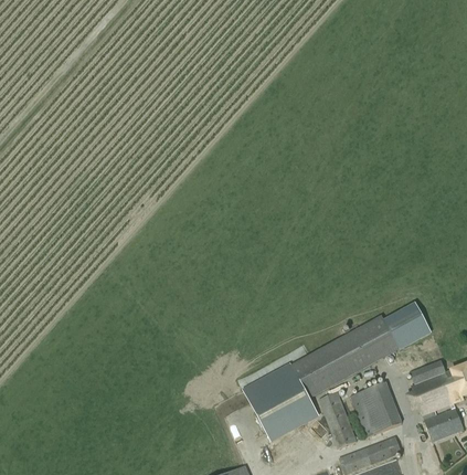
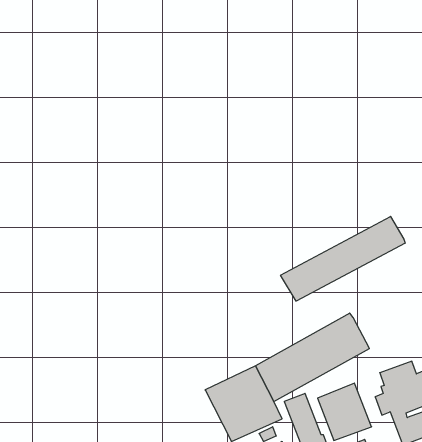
building: none -> [281,216,405,301]
building: [384,302,431,348] -> none

